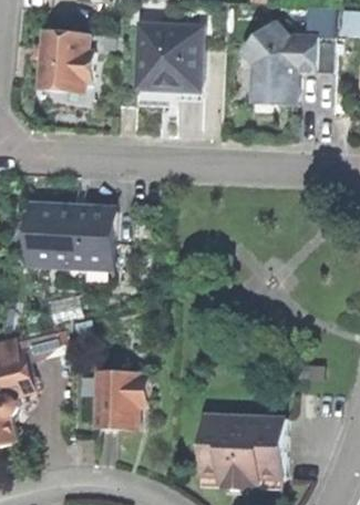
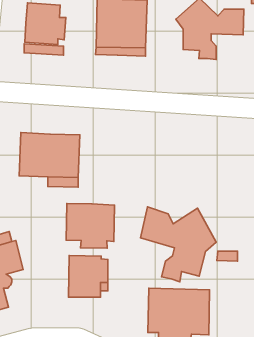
building: none -> [66,204,115,248]
building: none -> [140,207,216,282]

